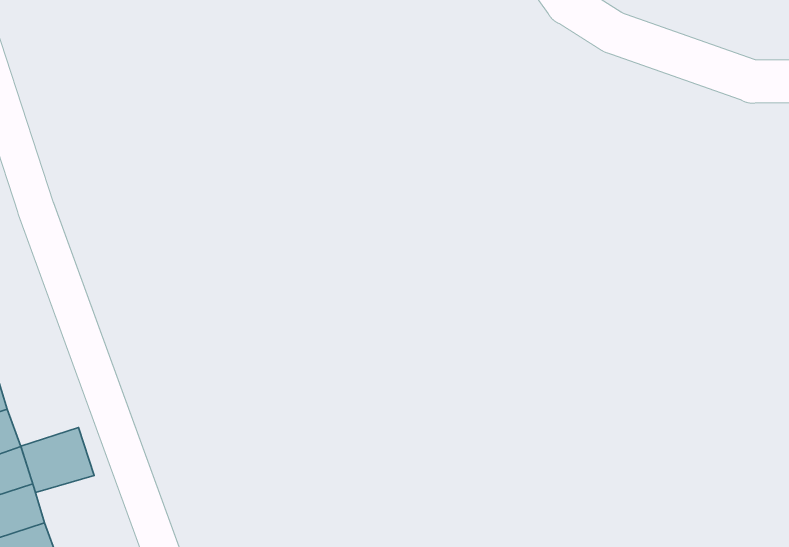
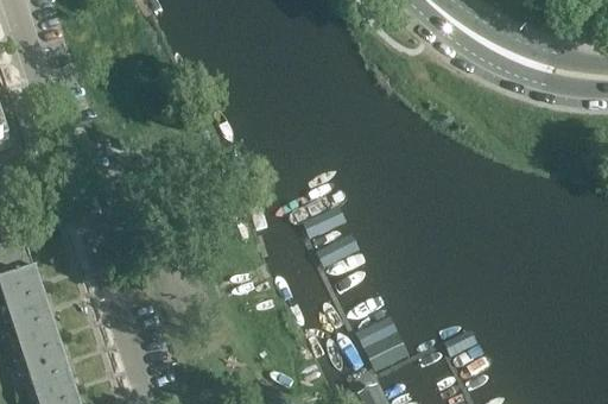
building: [21,427,94,492] -> none

